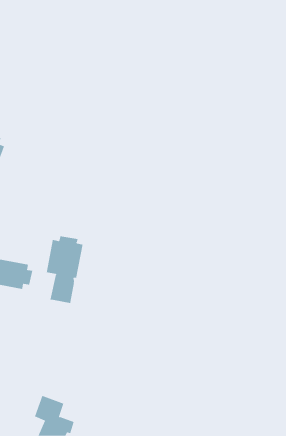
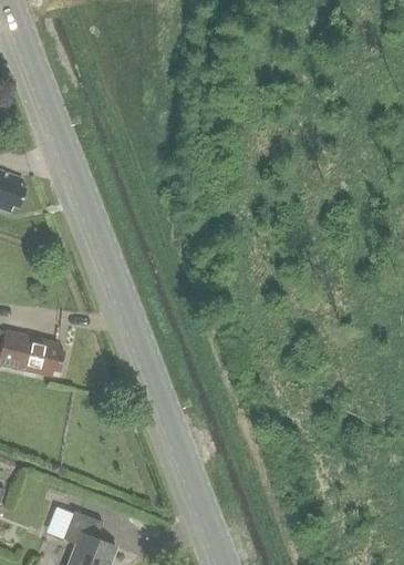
building: [46,236,83,304] -> none

